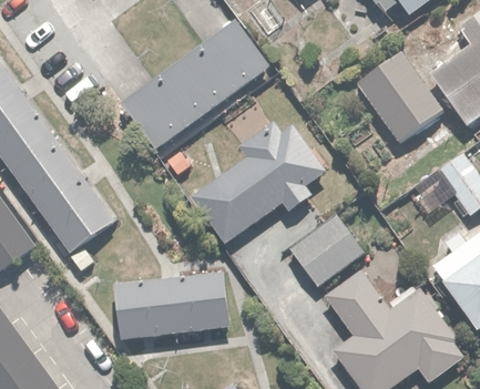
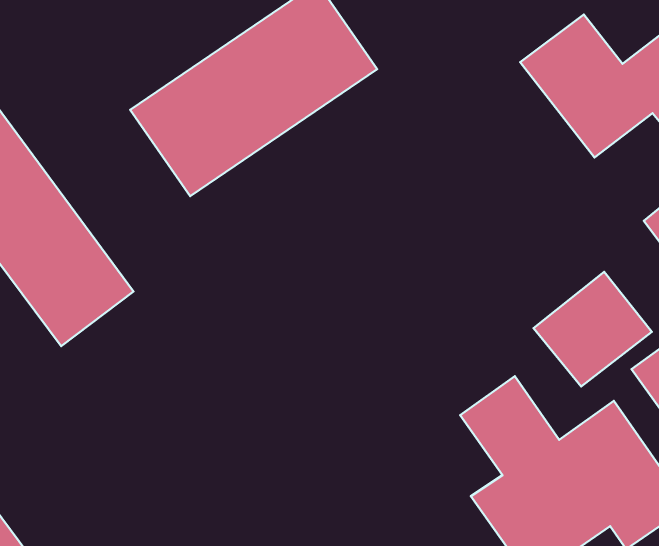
building: [191,123,326,242] -> none
building: [290,217,365,289] -> [533,272,652,387]
building: [113,269,229,339] -> none

